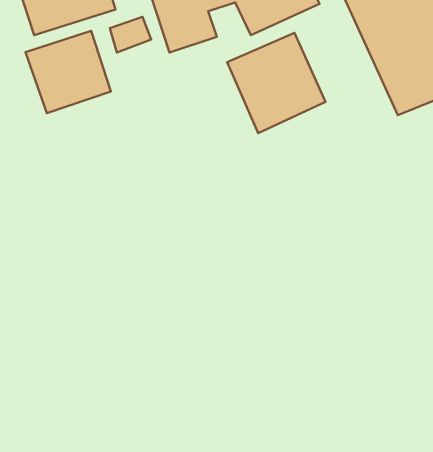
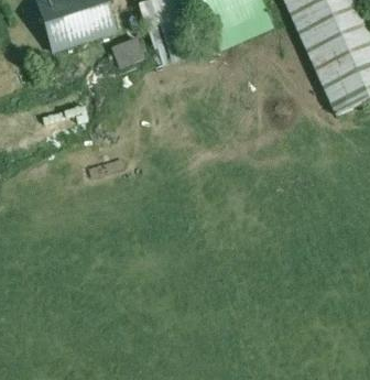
building: [26,31,111,113] -> none
building: [227,33,325,133] -> none

